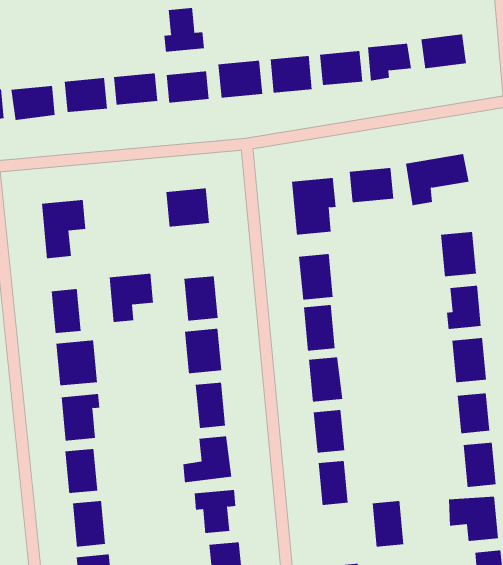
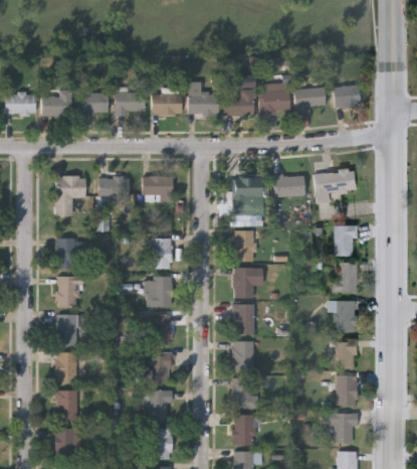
building: [164,7,205,53] -> none
building: [109,273,154,322] -> [97,178,128,210]
building: [372,501,404,547] -> [232,415,252,446]

